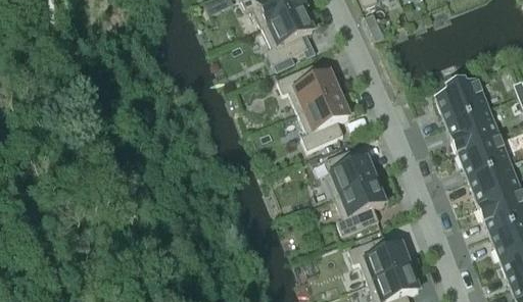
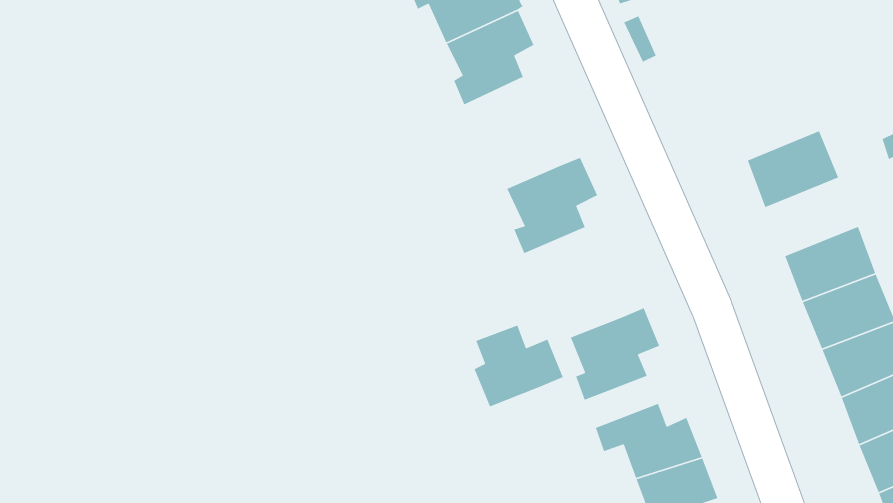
building: [276,62,340,111] -> none
building: [446,105,501,150] -> none
building: [325,149,377,197] -> [474,324,564,408]

